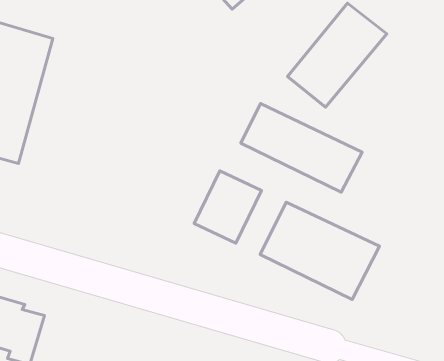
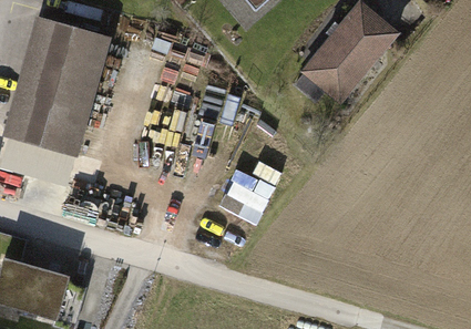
building: [241,104,362,192] -> none
building: [260,202,380,300] -> none

